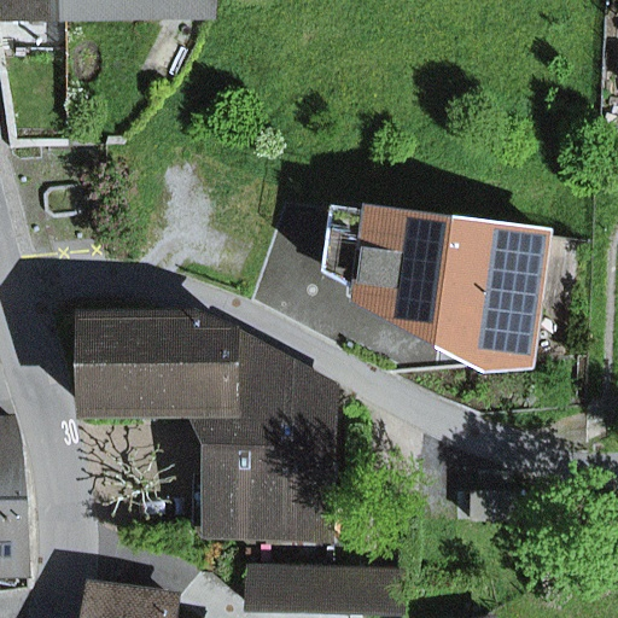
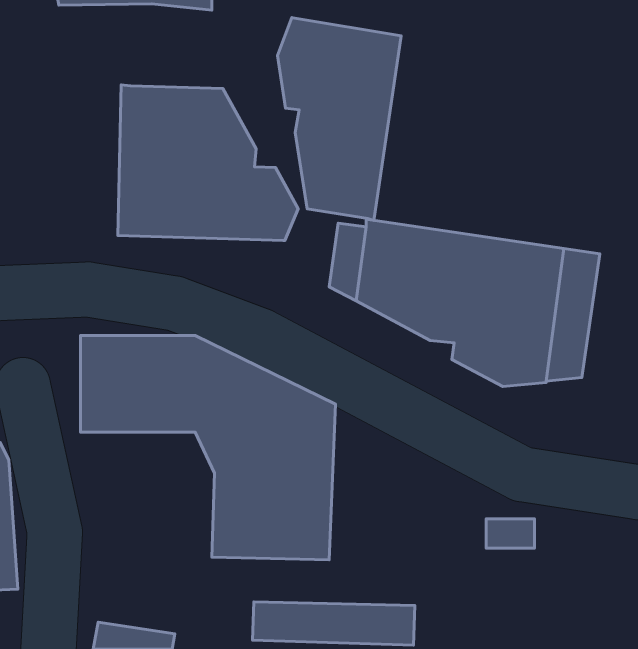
building: none -> [278,18,401,220]
building: none -> [118,85,298,241]

